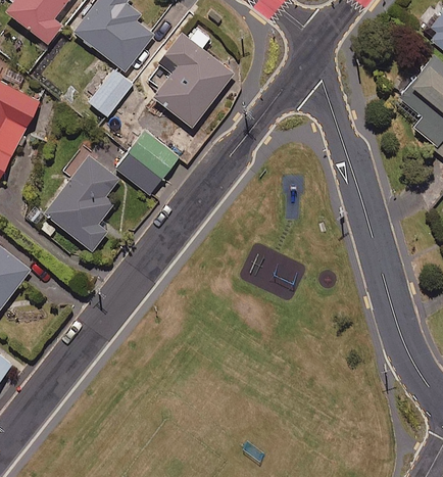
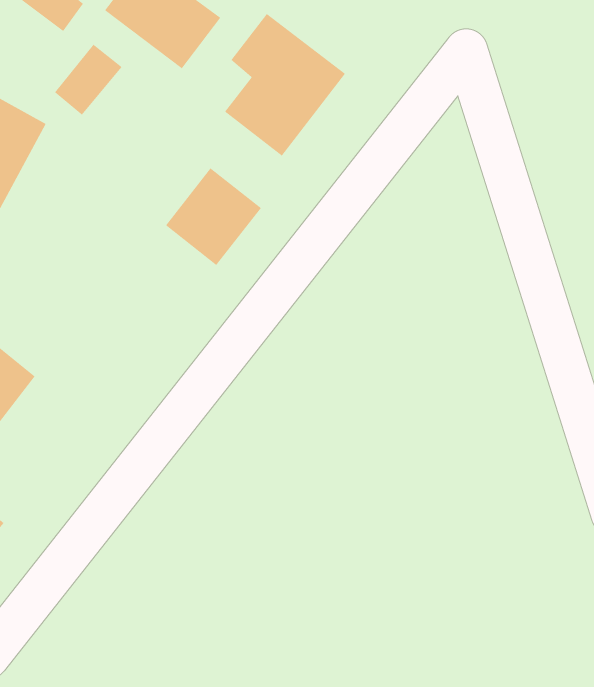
building: [88,71,133,118] -> [54,44,123,116]
building: [45,155,120,248] -> none

